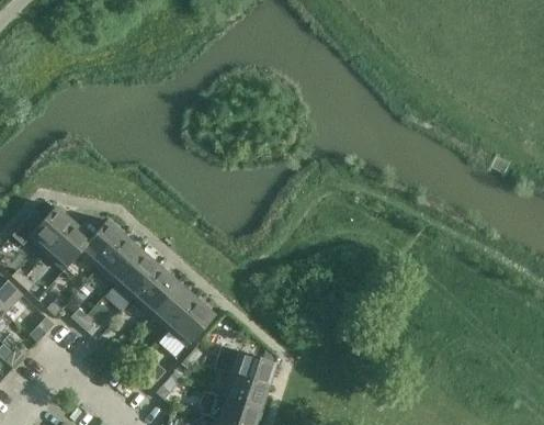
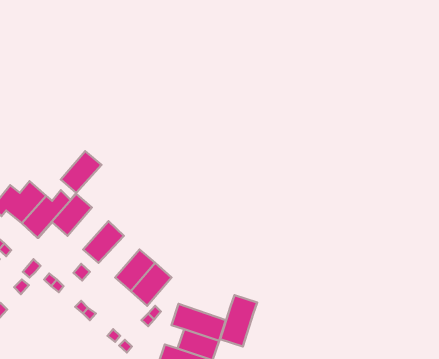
building: [99,236,145,283] -> [61,151,102,193]
building: [134,268,180,315] -> none
building: none -> [220,295,257,346]

